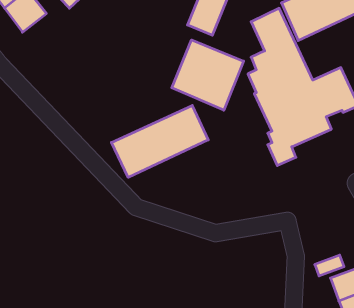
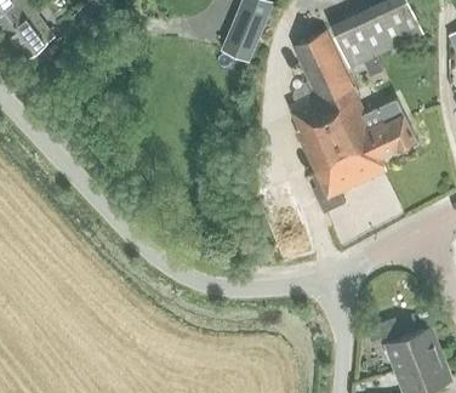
building: [172,40,244,110] -> none
building: [111,105,208,177] -> none

